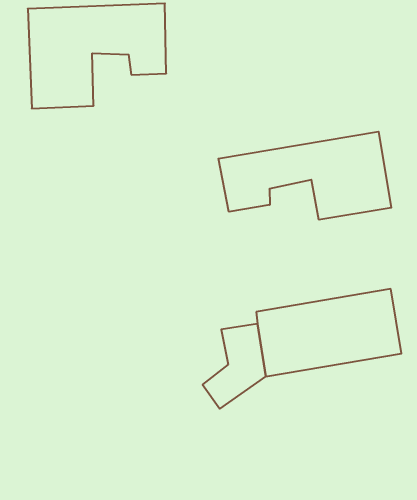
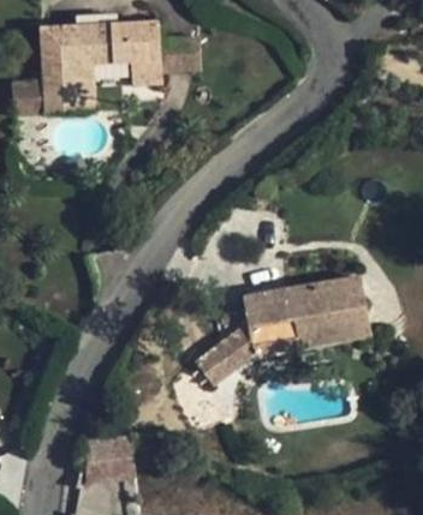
building: [218,132,391,220] -> none

